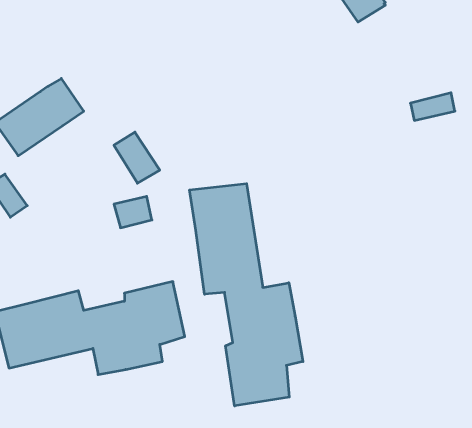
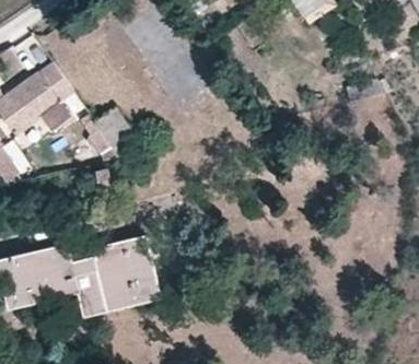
building: [190,184,303,406] -> none

